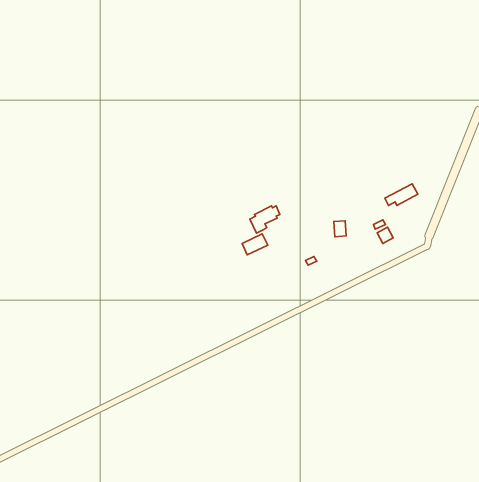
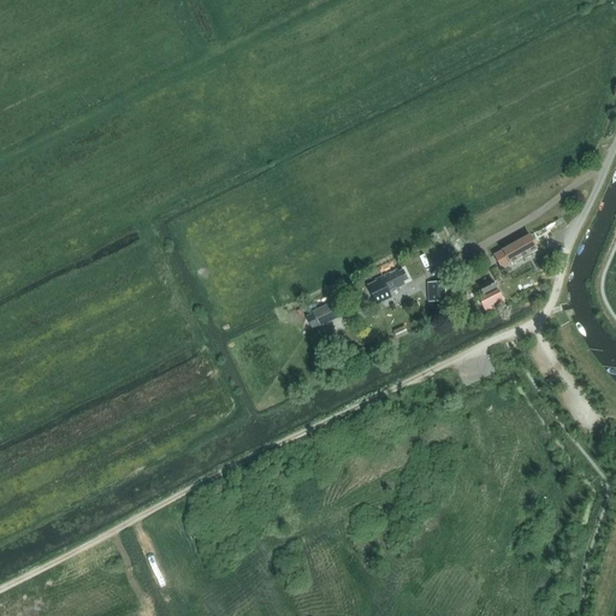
building: [250,206,280,233] -> [366,270,404,304]

